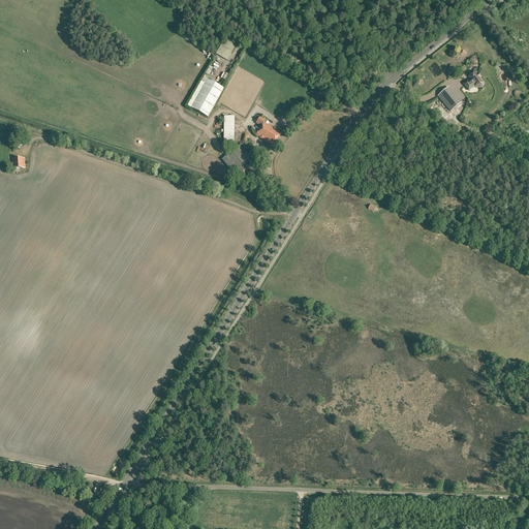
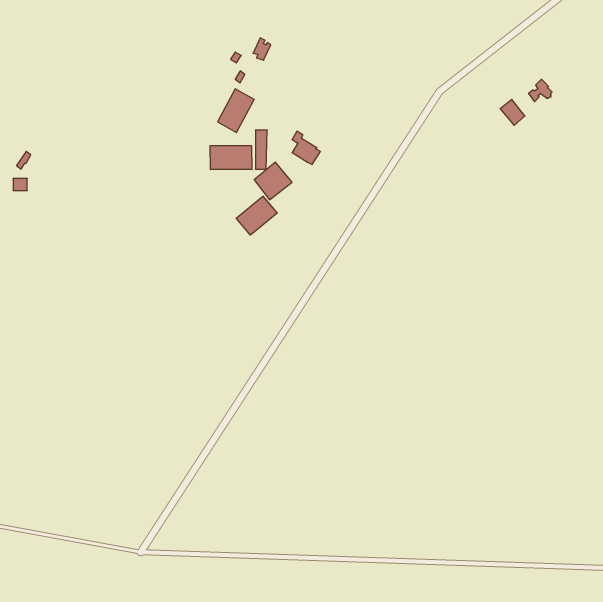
building: none -> [210,146,252,170]
building: none -> [236,196,277,235]

